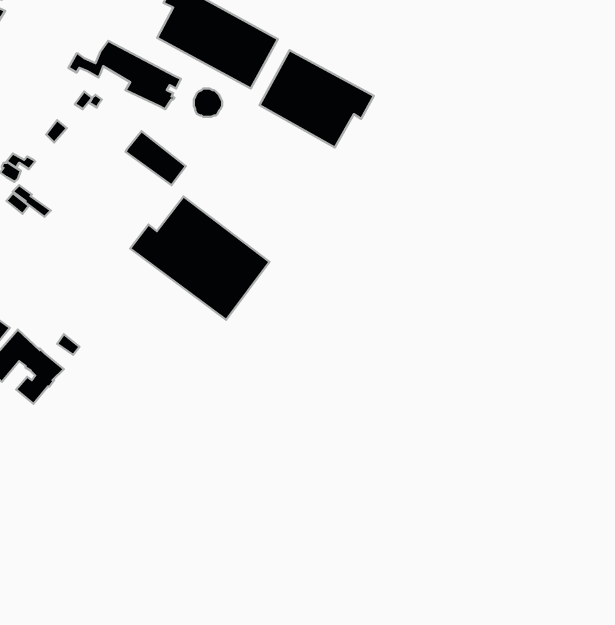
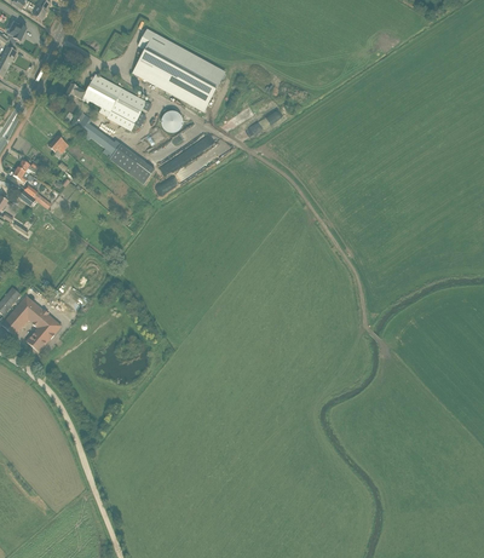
building: [259,50,374,147] -> none
building: [130,196,270,320] -> none

